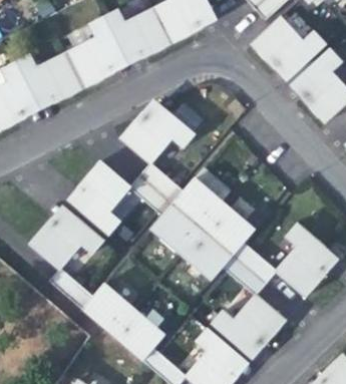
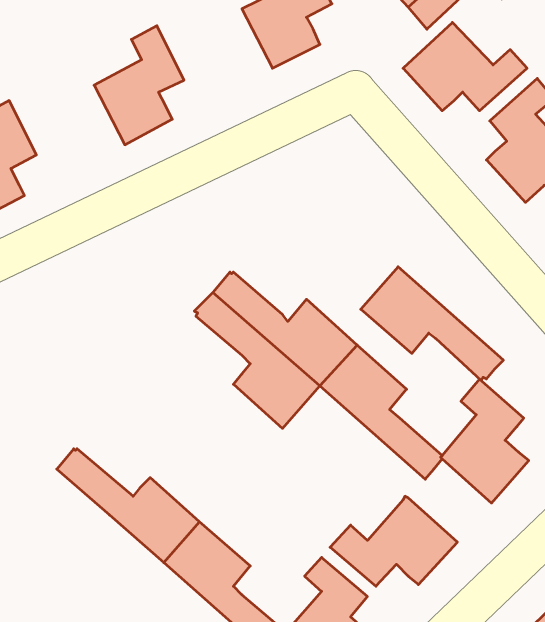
building: [107,6,176,56] -> none
building: [20,51,88,100] -> none
building: [121,110,196,162] -> none
building: [78,159,131,234] -> none
building: [29,215,102,267] -> none
building: [182,229,266,296] -> [361,267,503,381]

